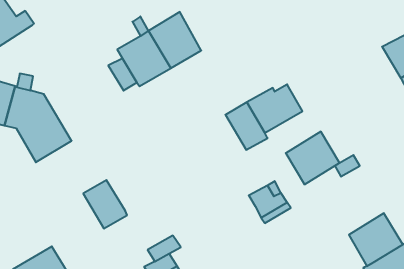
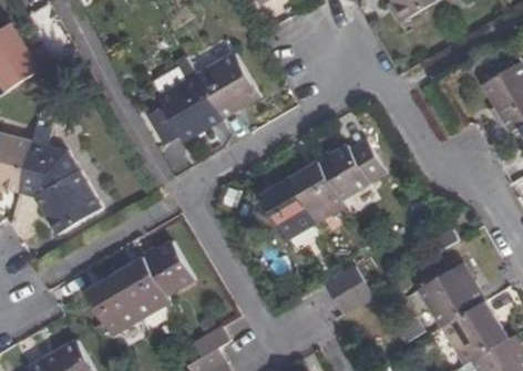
building: none -> [258,177,315,237]
building: [286,132,339,184] -> [419,260,485,326]
building: none -> [142,241,194,296]
building: none -> [84,275,139,333]

